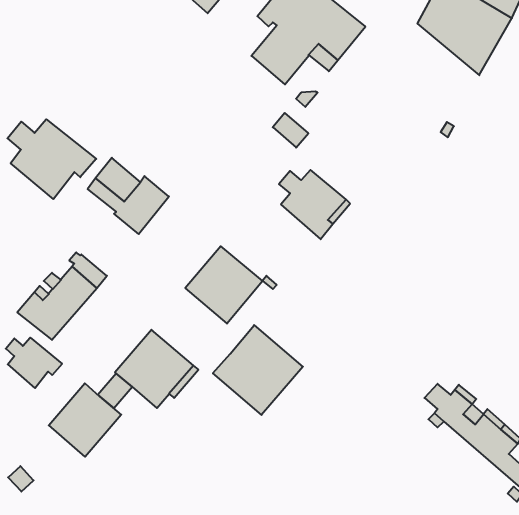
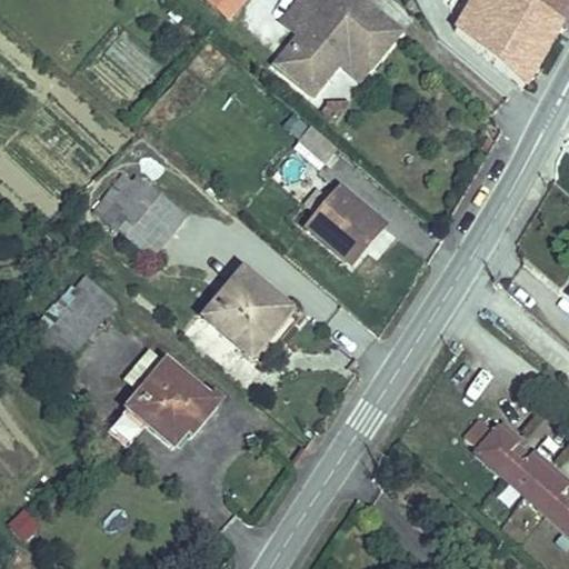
building: [7,119,96,199] -> none
building: [213,325,303,415] -> none
building: [6,338,62,388] -> none
building: [49,383,121,457] -> none

